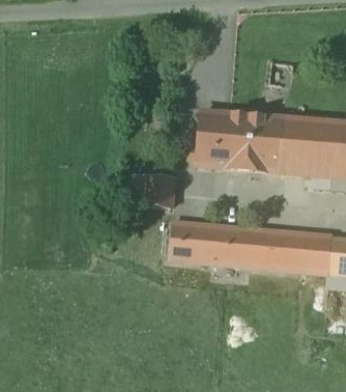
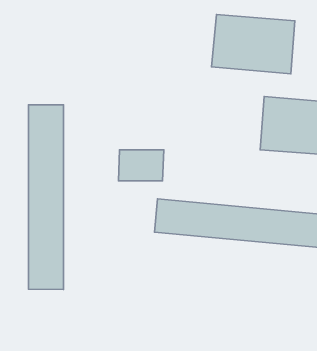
building: [196,111,282,172] -> [211,15,295,74]
building: none -> [29,105,63,289]

